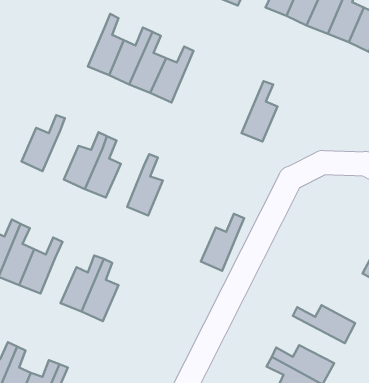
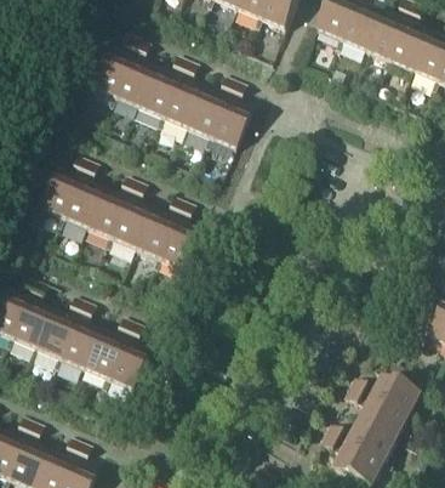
building: none -> [89,34,138,98]
building: [241,81,277,141] -> [209,80,250,149]
building: none -> [61,158,102,228]
building: [201,214,244,271] -> [133,194,183,260]
building: none -> [58,300,99,370]
building: none -> [343,385,407,439]

